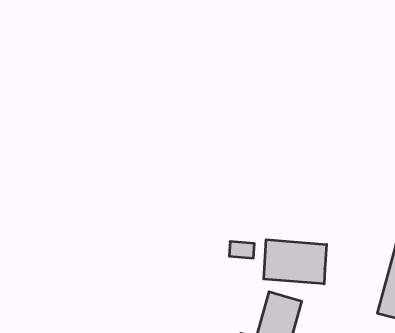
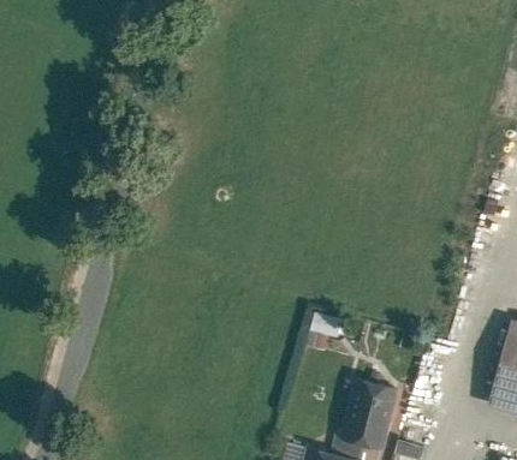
building: [264,240,327,284] -> none

